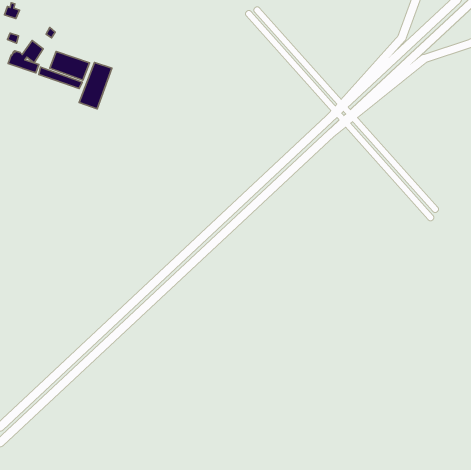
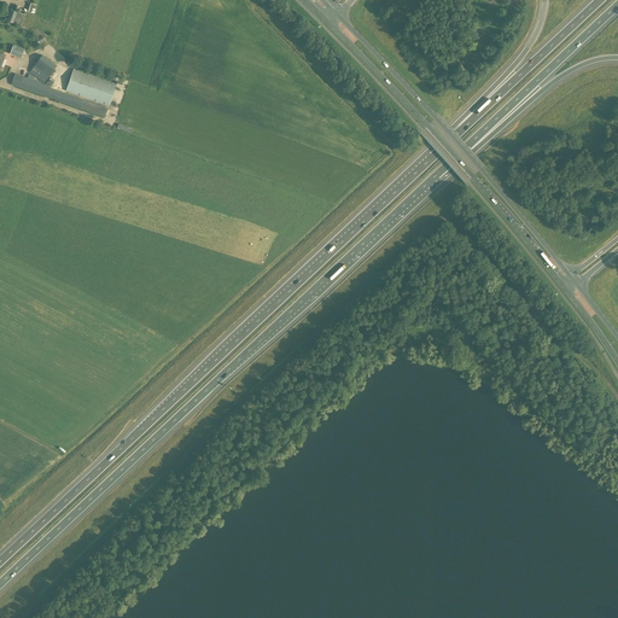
building: [79,62,112,109] -> none

